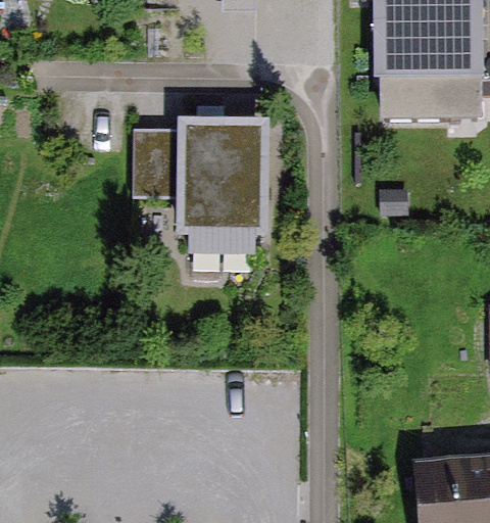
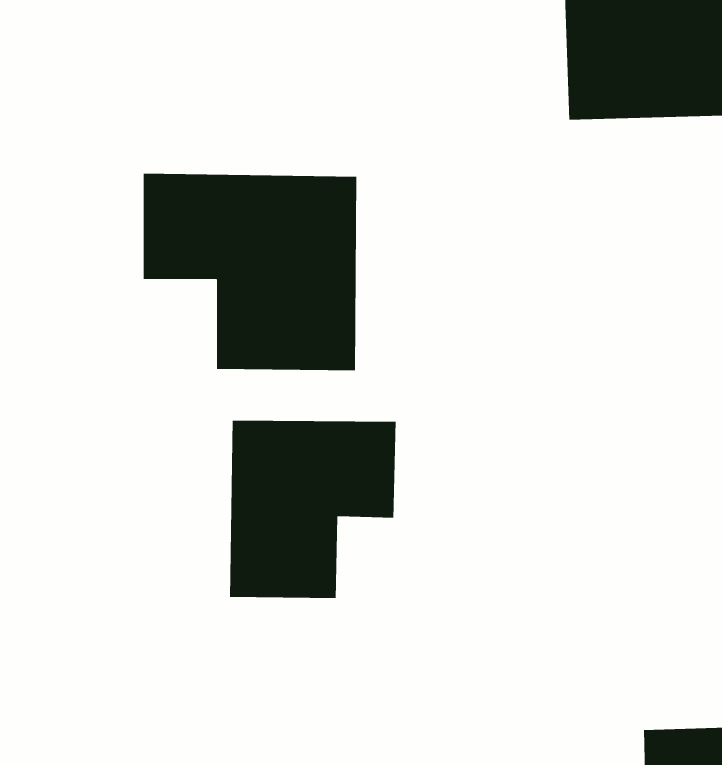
building: none -> [229,420,396,599]

